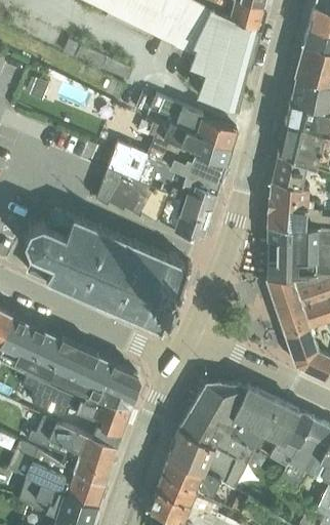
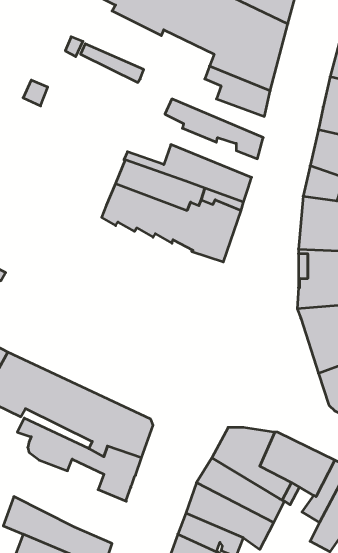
building: [149,122,232,165] -> none
building: [24,210,192,334] -> none
building: [28,416,117,485] -> none

